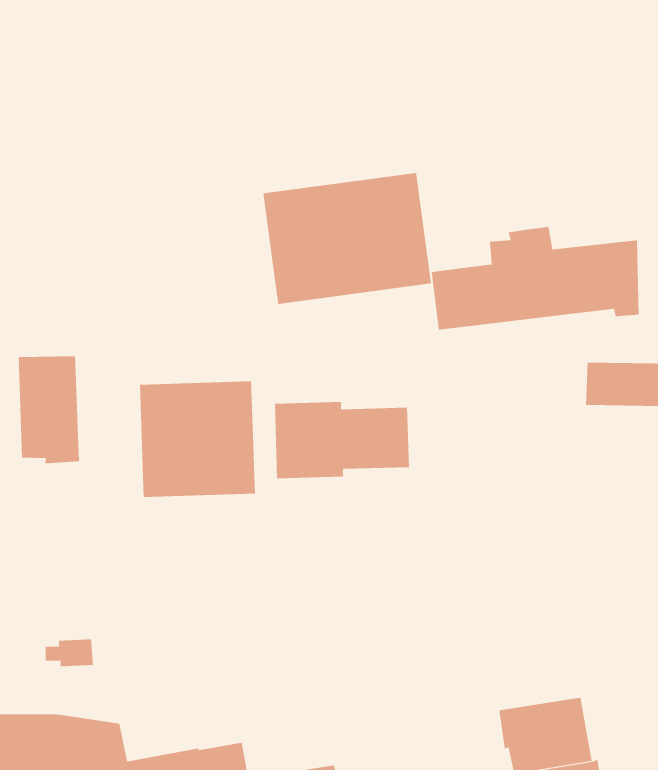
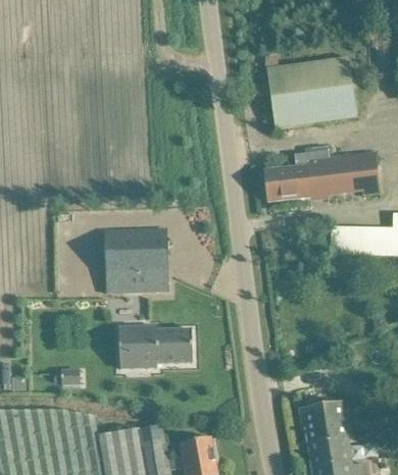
building: [262,173,432,304] -> [266,56,358,127]
building: [18,355,79,464] -> none
building: [274,402,410,479] -> [119,325,193,367]

